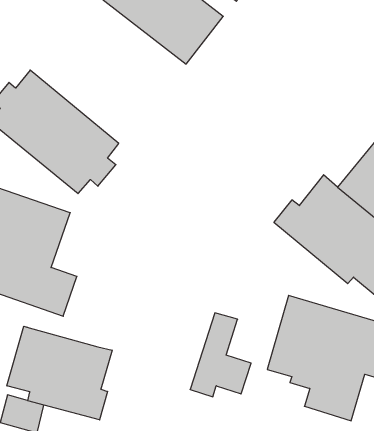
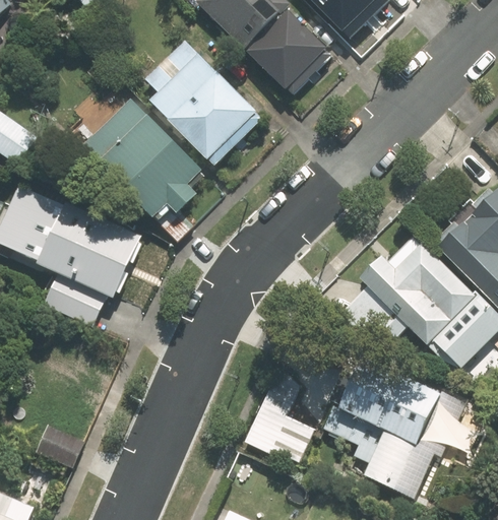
building: none -> [142,38,262,168]
building: [7,326,112,420] -> none

